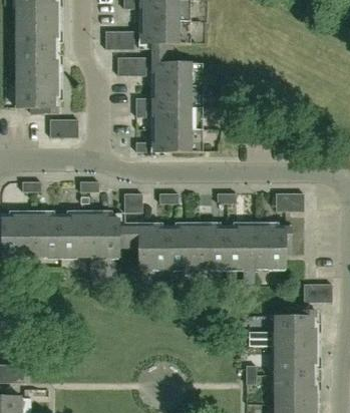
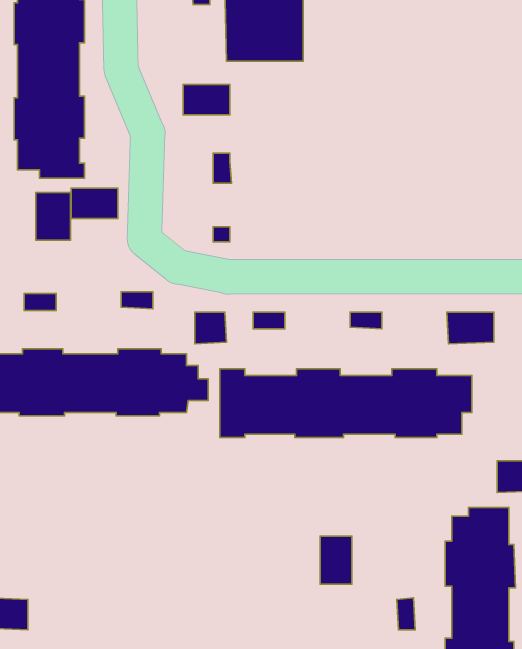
building: [104,30,132,48] -> none
building: [154,62,201,151] -> none
building: none -> [36,193,71,240]
building: none -> [320,536,352,584]

